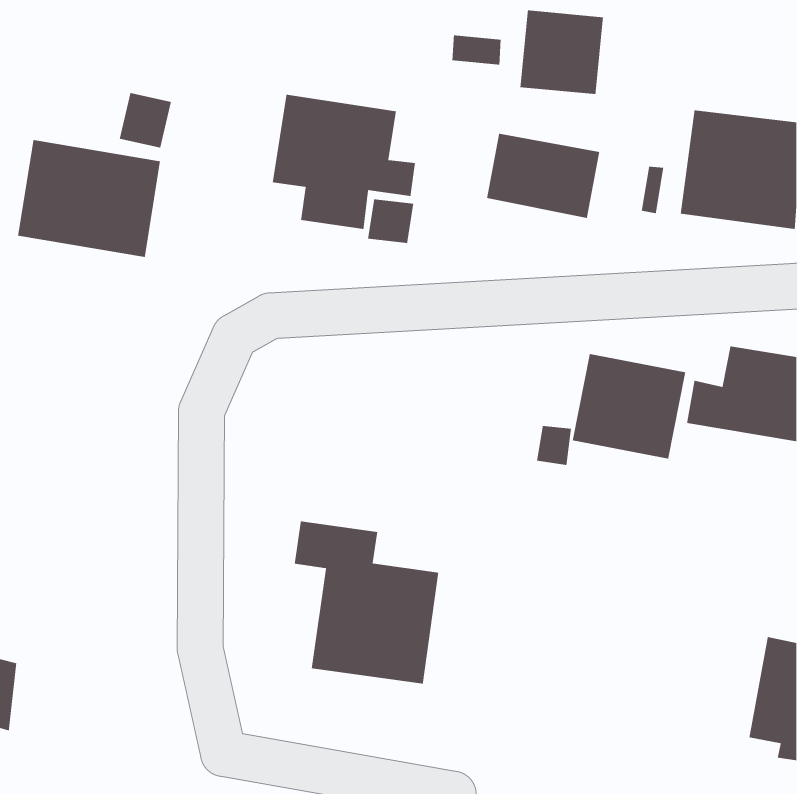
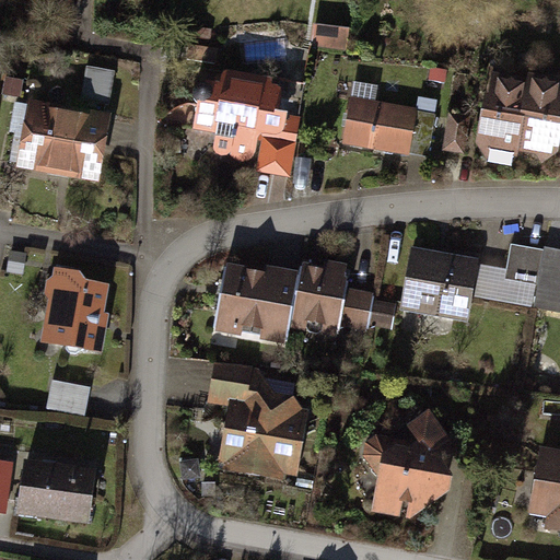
building: [520,10,604,95] -> none
building: none -> [213,258,377,343]
building: none -> [43,273,112,350]
building: none -> [50,380,94,415]
building: none -> [372,411,458,523]
building: none -> [14,458,92,523]

